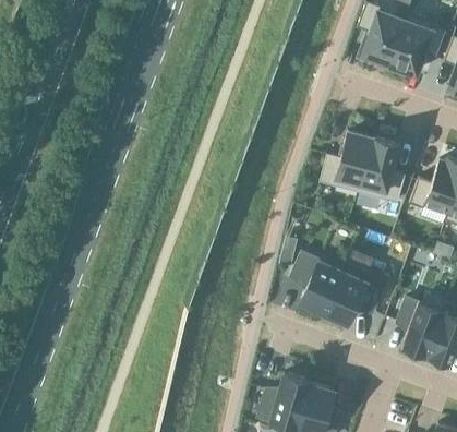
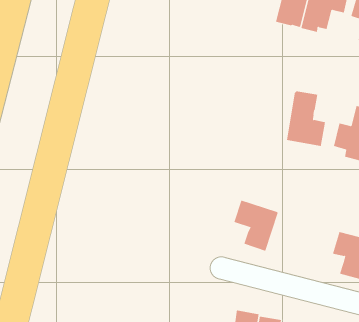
building: [321,133,373,192] -> none
building: [324,261,383,324] -> none

